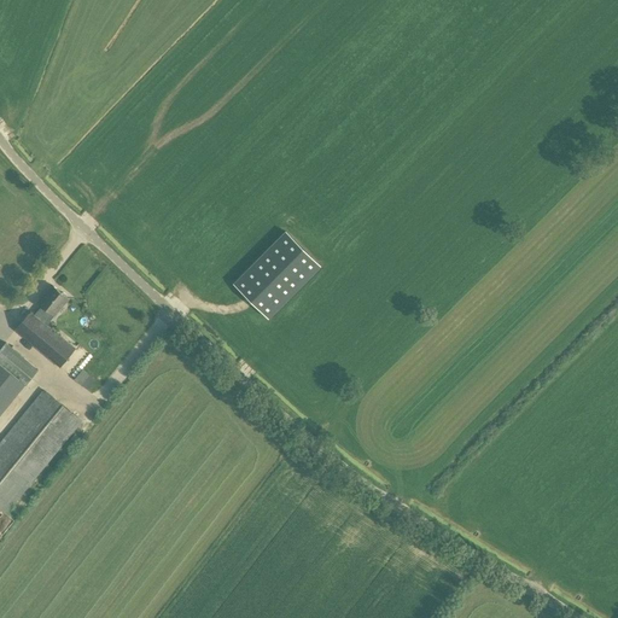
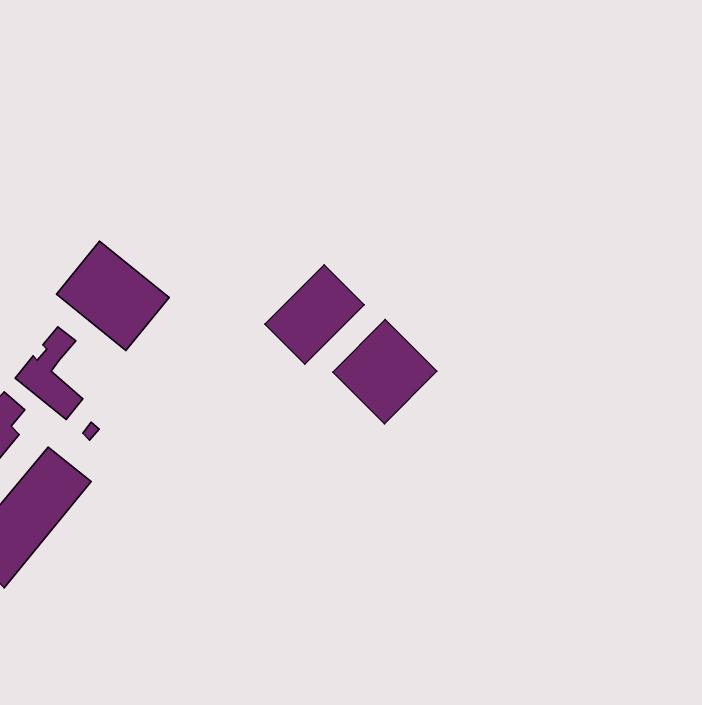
building: none -> [56,241,169,351]
building: none -> [333,319,437,424]

